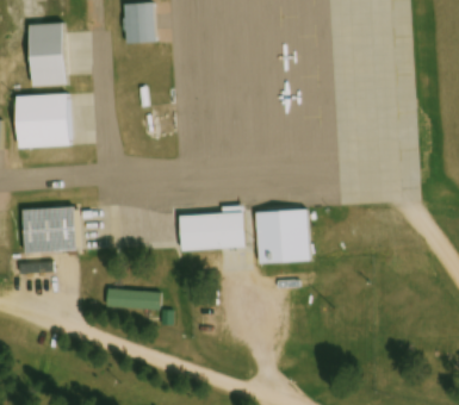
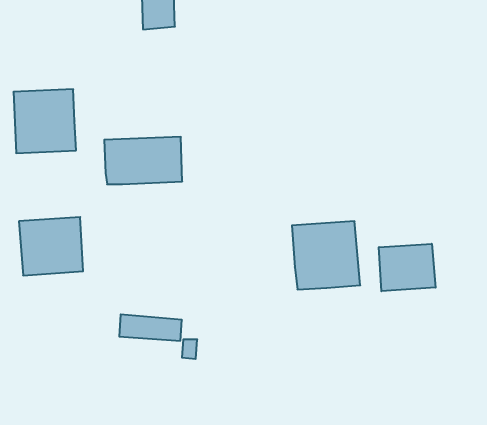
building: [27,24,68,87] -> none
building: [178,211,244,251] -> [104,137,182,184]
building: none -> [379,244,436,291]

